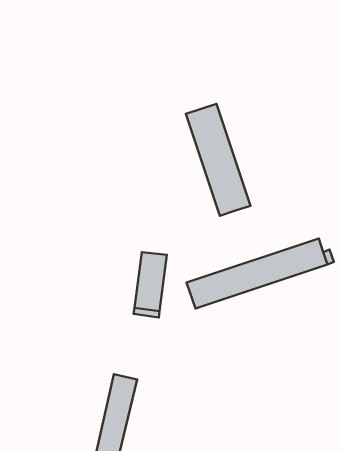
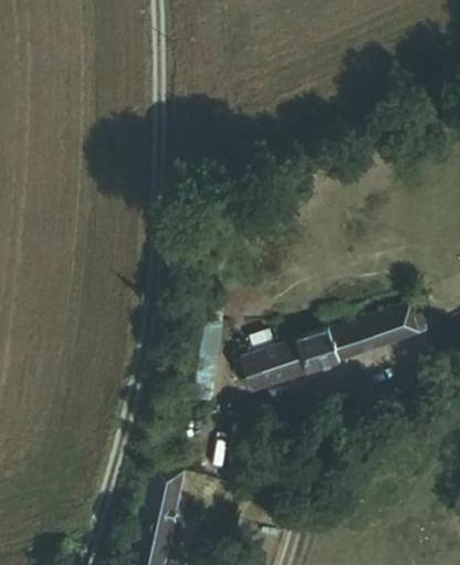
building: [186,104,251,216] -> none

